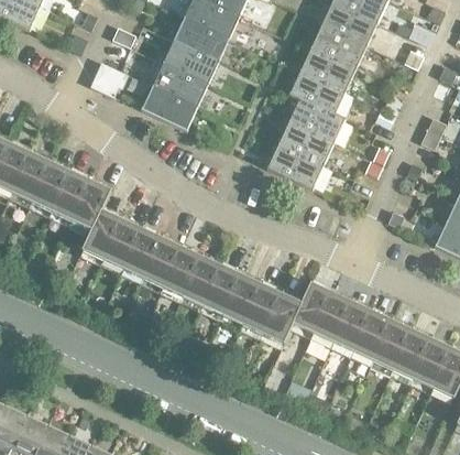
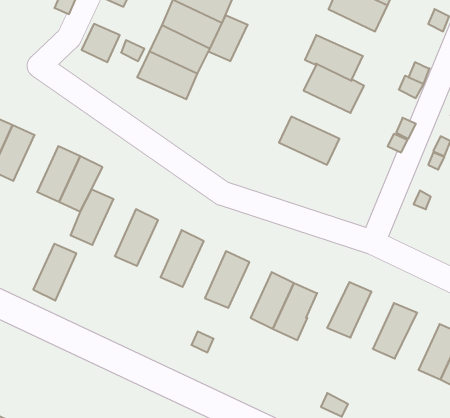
building: [302,48,354,90] -> none
building: none -> [208,15,248,61]
building: [280,121,332,164] -> none
building: [32,161,72,212] -> none
building: [102,218,141,269] -> [33,244,76,301]
building: [142,237,182,288] -> none
building: [183,256,221,306] -> none
building: [223,274,262,324] -> none
building: [293,282,331,333] -> none
building: [332,301,371,351] -> none
building: [372,319,412,370] -> none

